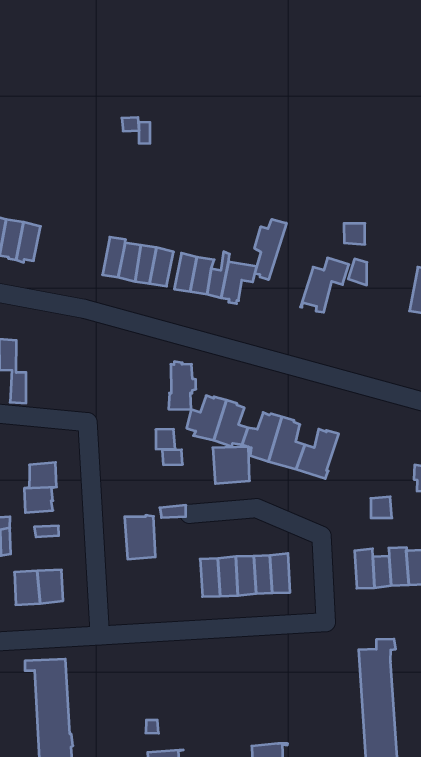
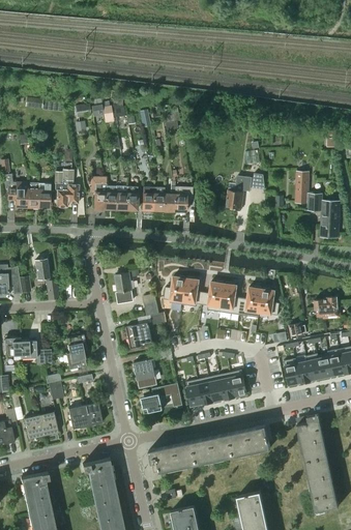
building: none -> [55,170,79,208]
building: [255,219,286,280] -> none
building: [169,362,196,409] -> [116,272,135,303]
building: none -> [259,288,280,316]
building: [213,447,250,484] -> [126,323,153,350]
building: none -> [141,383,182,413]
building: none -> [149,425,271,472]

